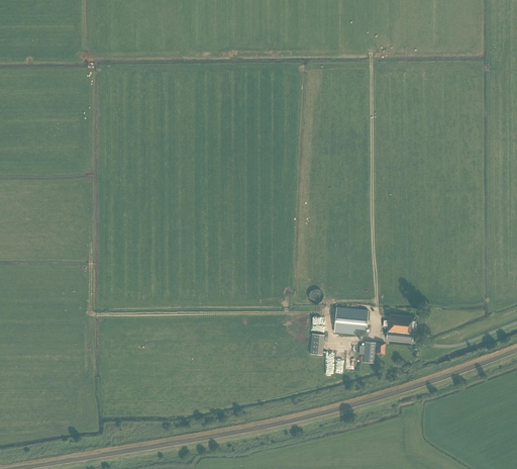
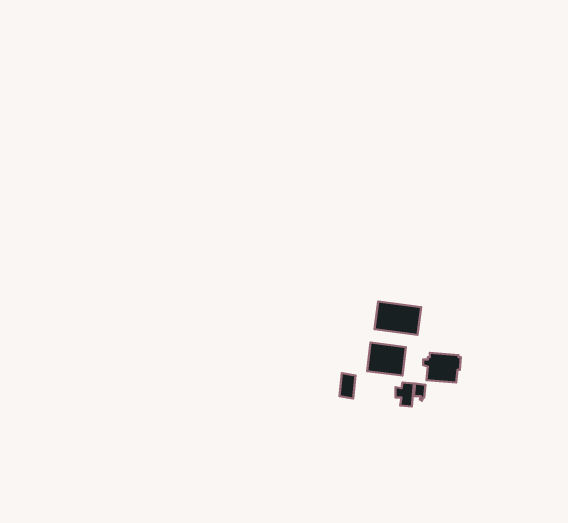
building: none -> [374,302,421,335]

